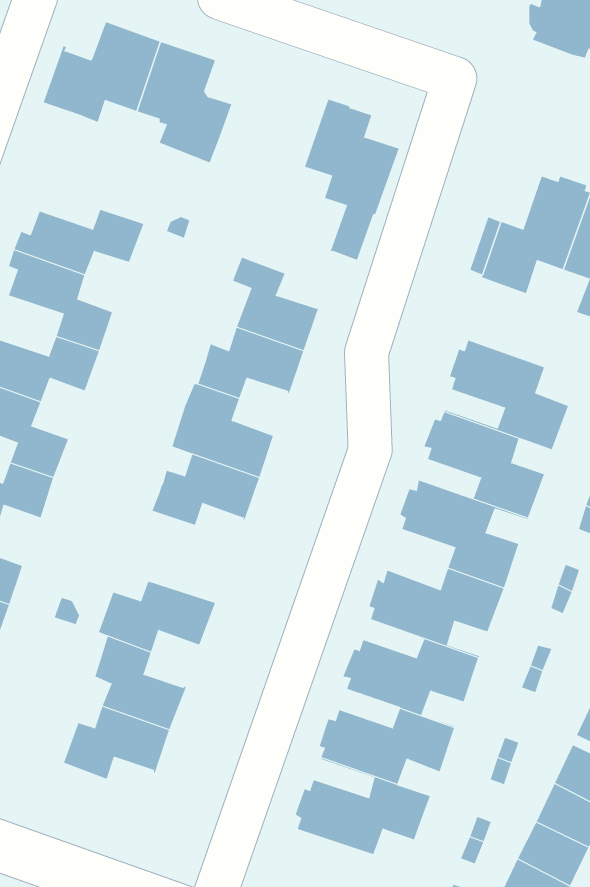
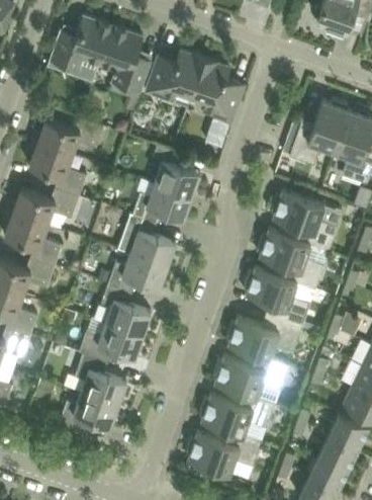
building: none -> [146,50,205,106]
building: none -> [94,284,152,335]

